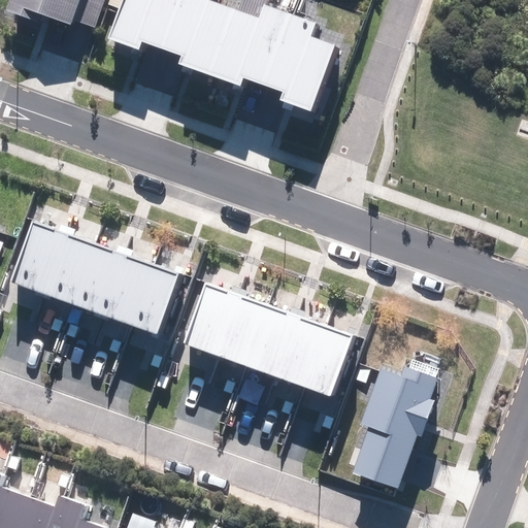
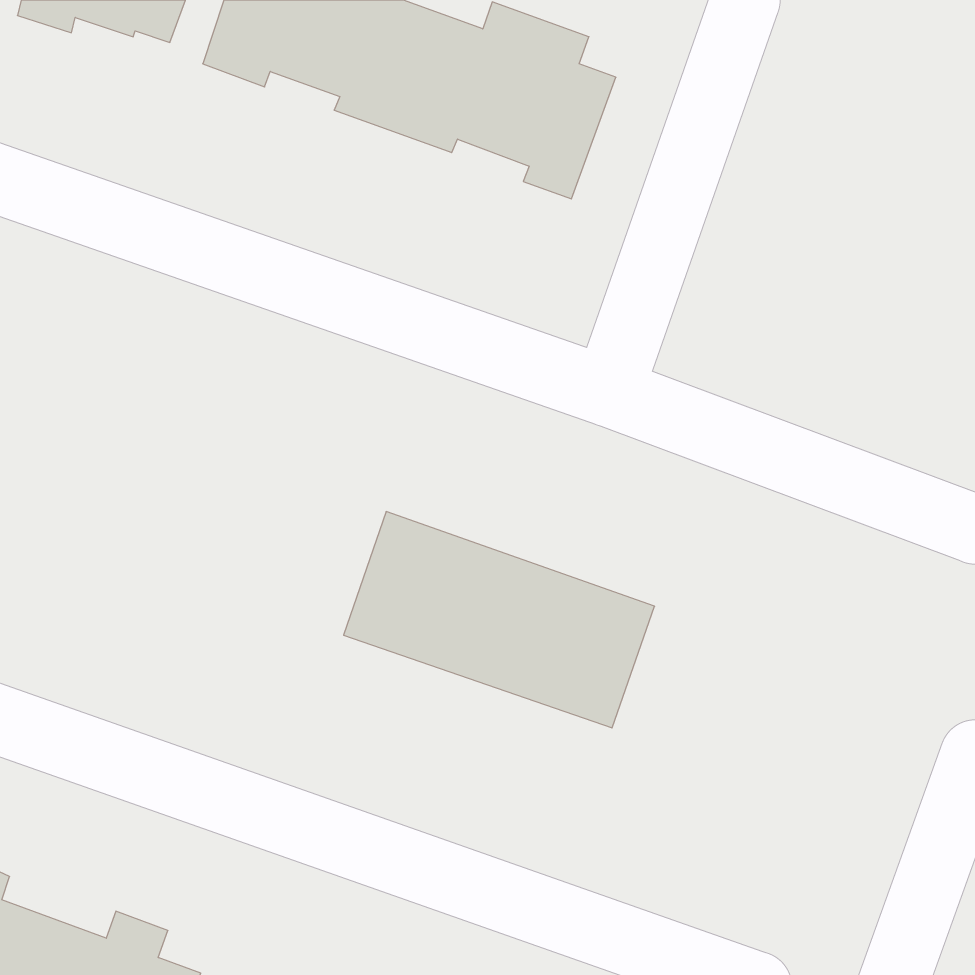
building: [11,219,180,333] -> none
building: [349,352,442,484] -> none

